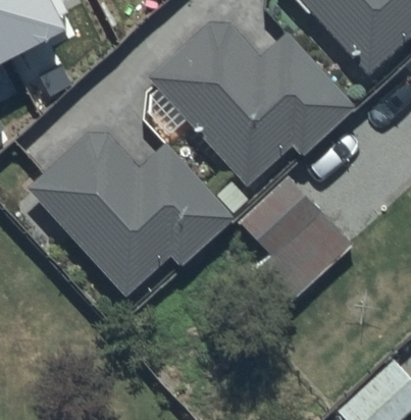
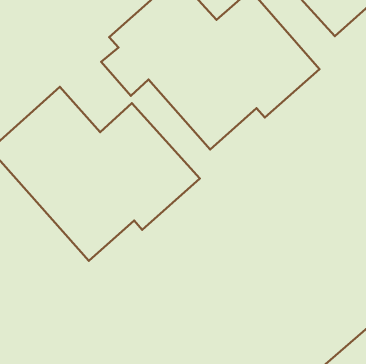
building: [243,174,363,312] -> none

